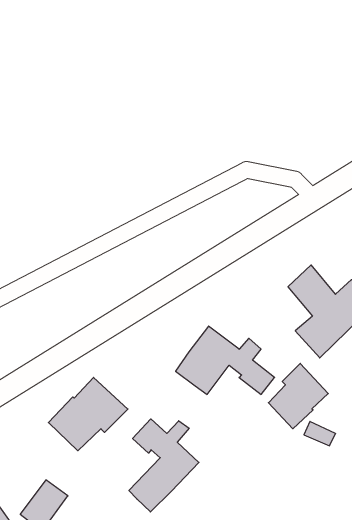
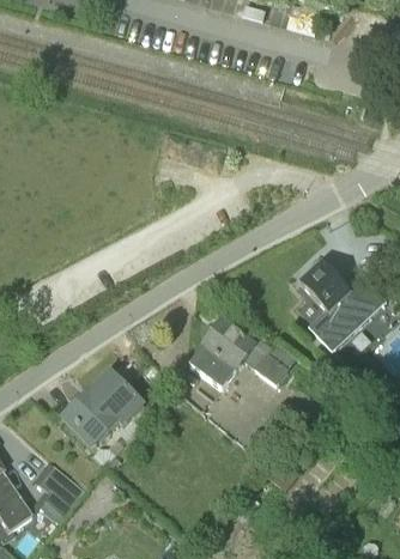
building: [268,363,328,429] -> none
building: [129,419,199,512] -> none

